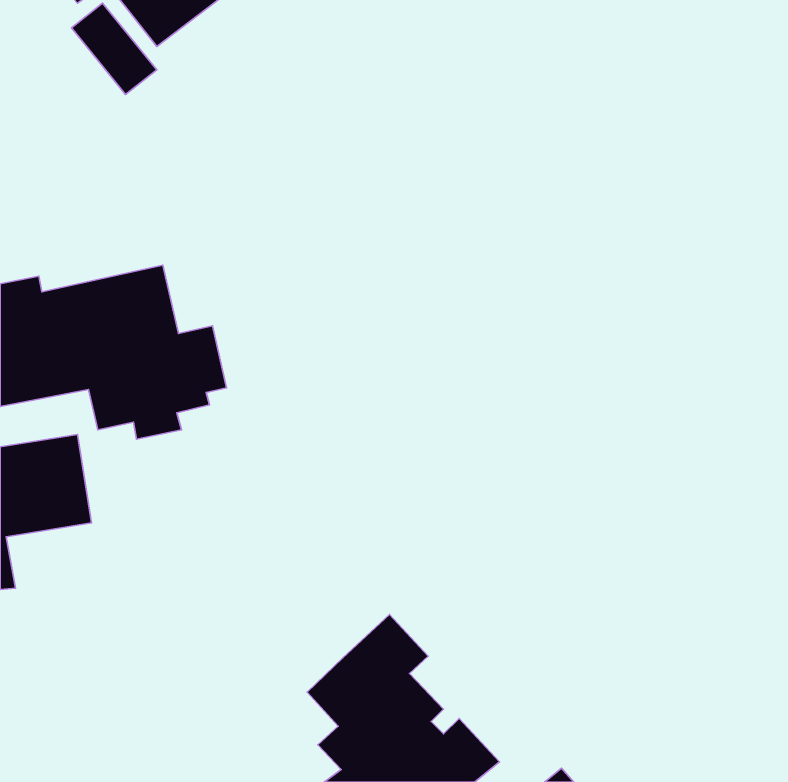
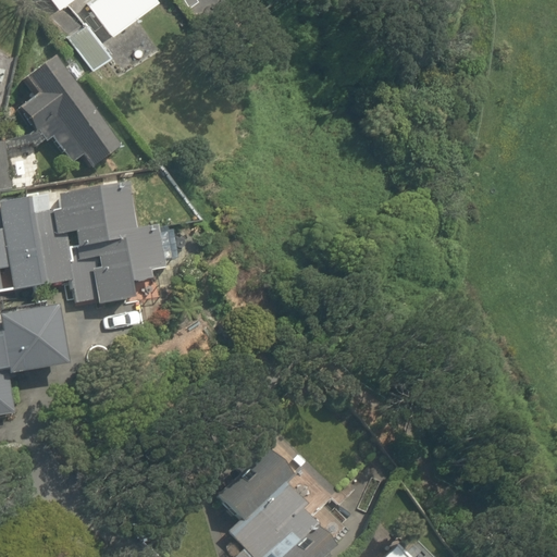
building: none -> [10,53,120,168]

